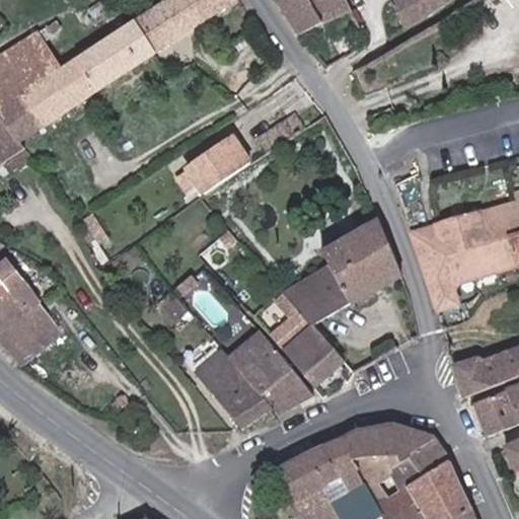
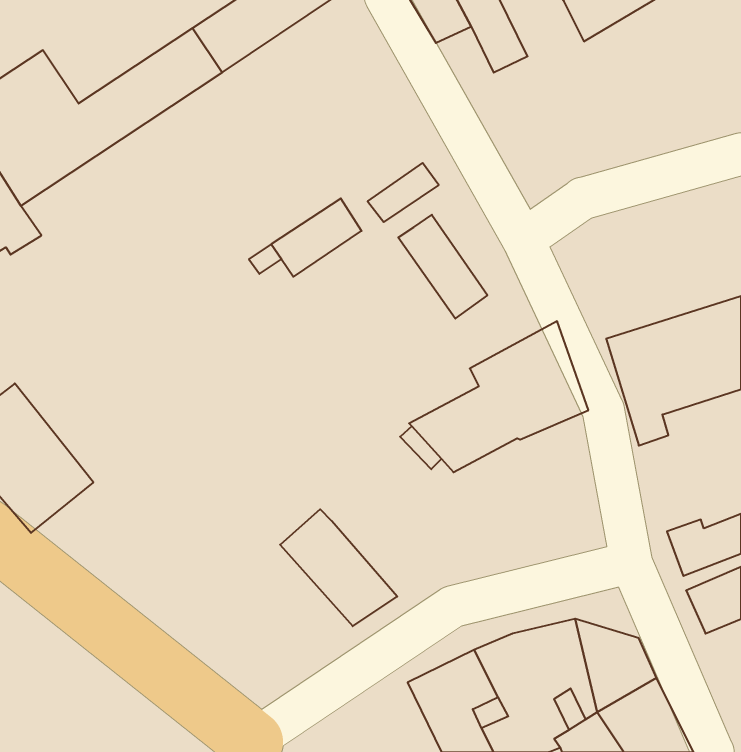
building: none -> [398,215,487,319]
building: [281,323,341,382] -> none
building: [227,330,310,417] -> none

